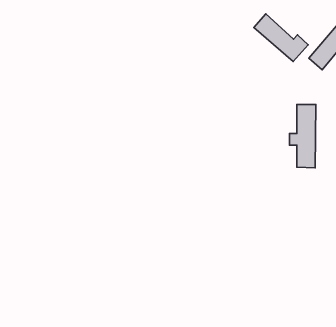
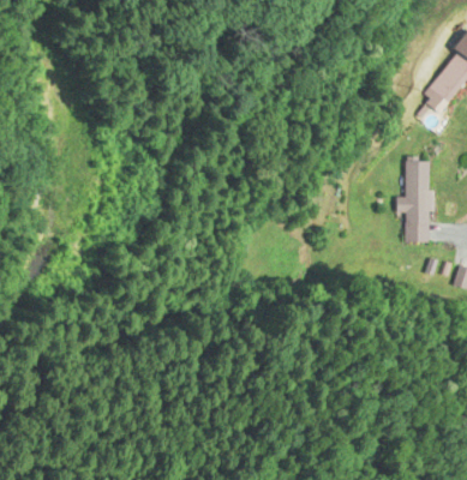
building: [254,14,308,61] -> none

